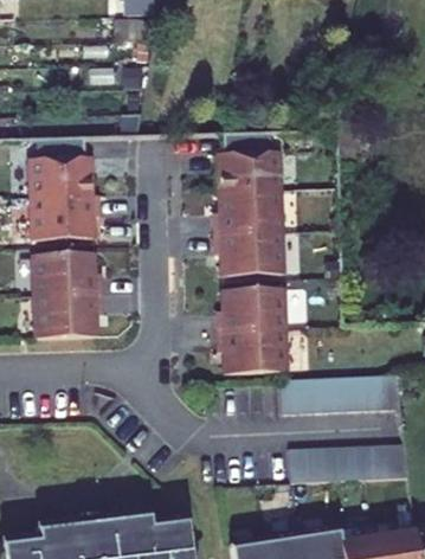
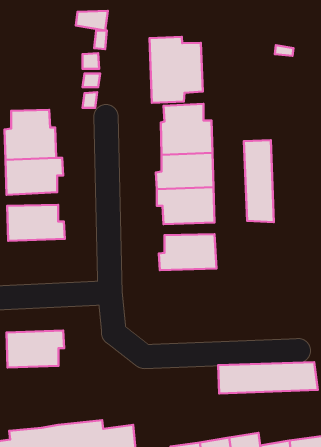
building: none -> [150,37,203,103]
building: none -> [244,140,274,222]
building: [33,295,103,340] -> [7,330,64,368]
building: [217,330,286,375] -> none
building: [279,377,400,413] -> none

